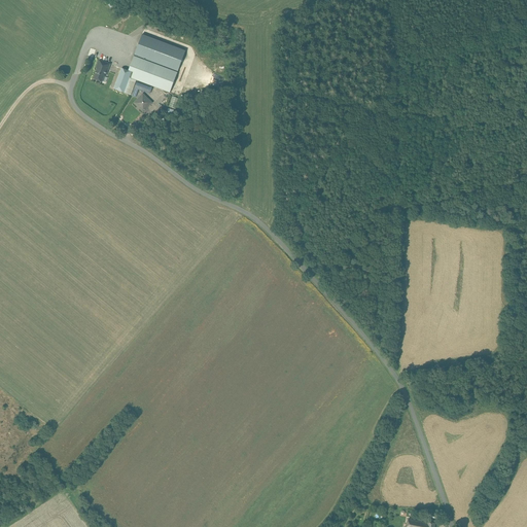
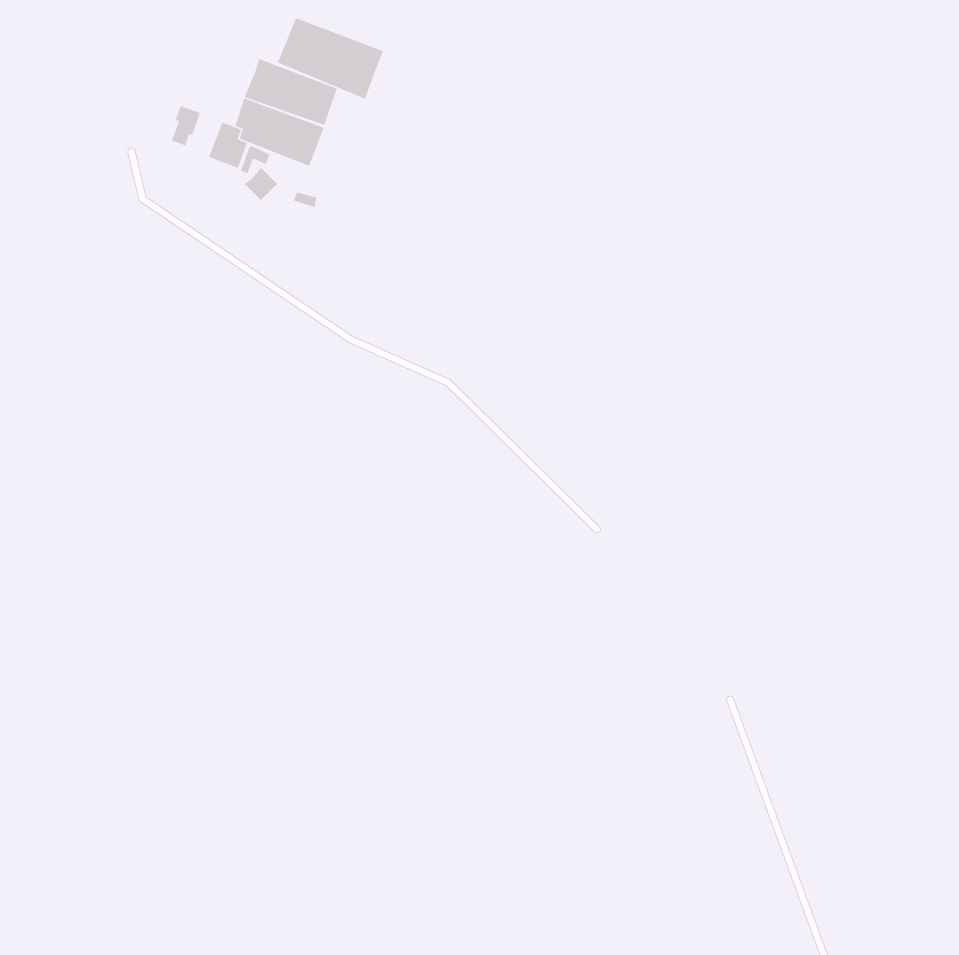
building: none -> [277,17,384,100]

